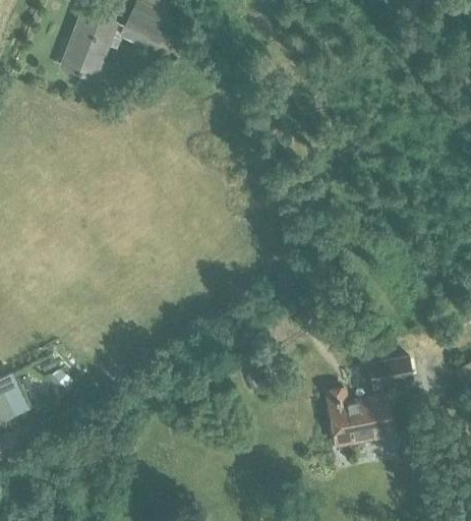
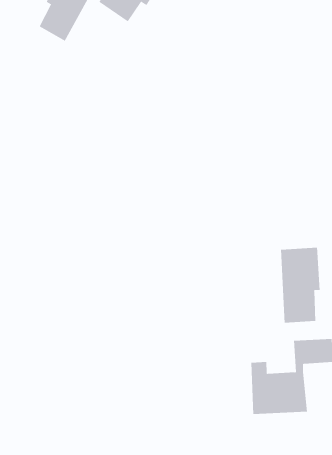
building: none -> [281,247,320,323]

